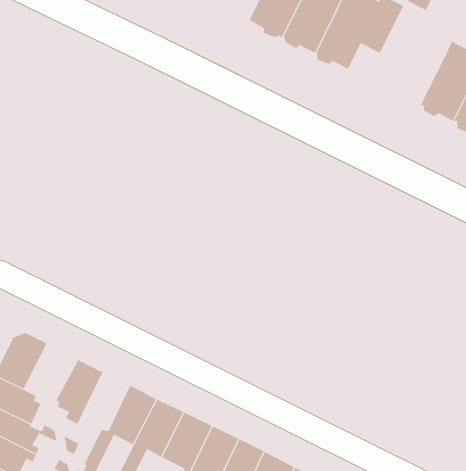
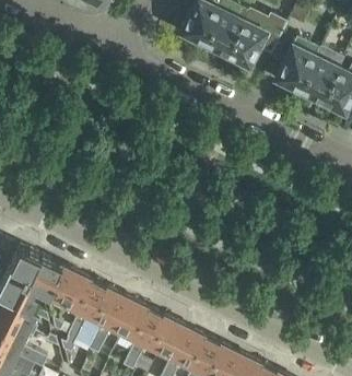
building: none -> [274,38,318,92]
building: none -> [24,256,61,295]
building: none -> [61,275,97,316]

